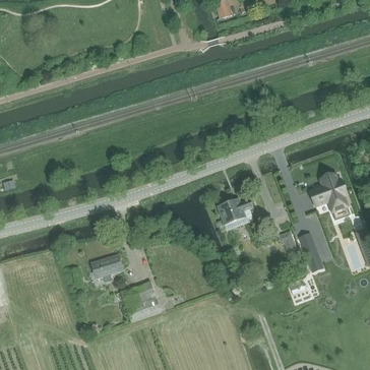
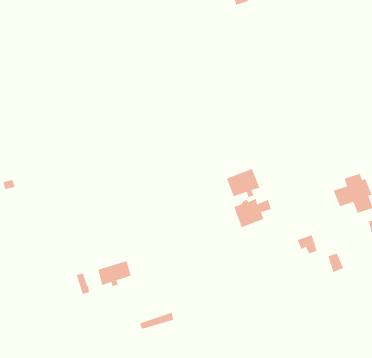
building: none -> [226,168,260,198]

